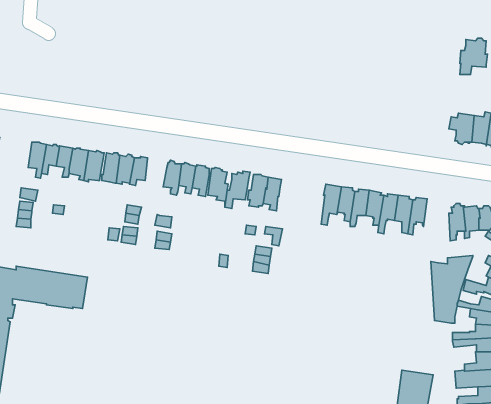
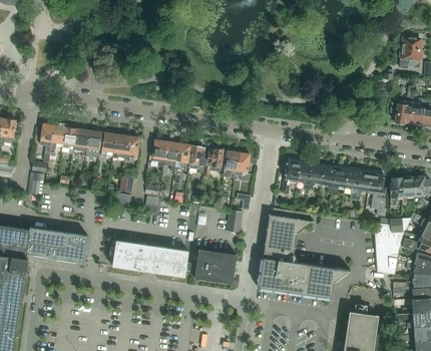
building: none -> [368,170,385,216]
building: none -> [258,208,350,299]
building: none -> [111,240,188,277]
building: none -> [194,250,236,284]

